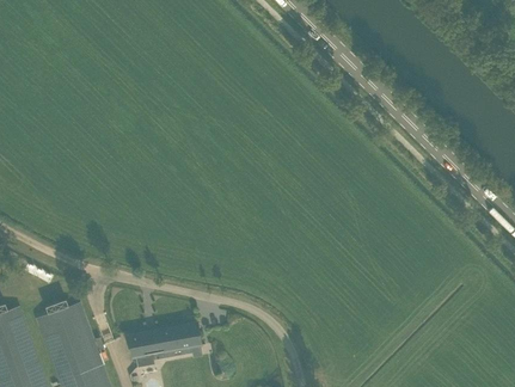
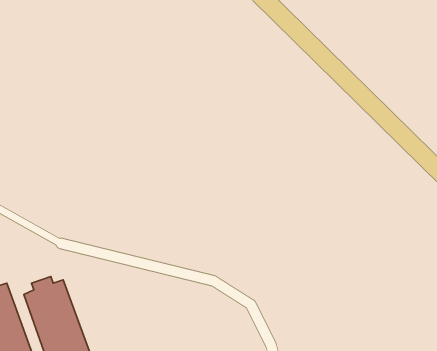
building: [129,322,201,367] -> none

